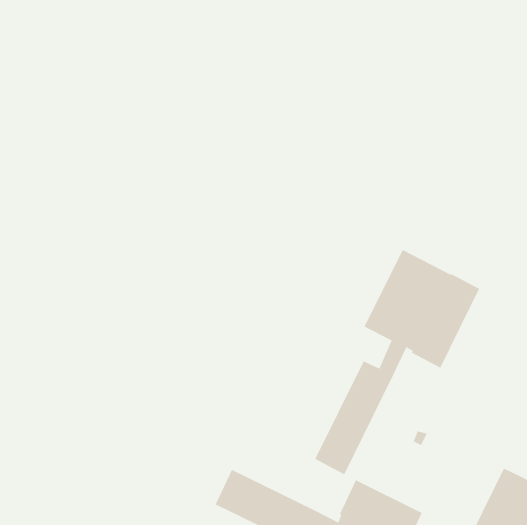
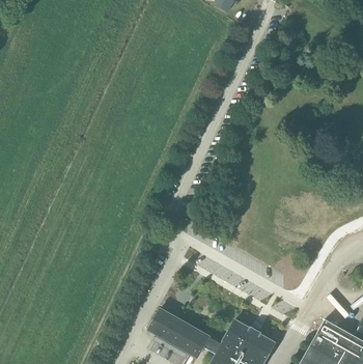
building: [315,249,480,475] -> none

